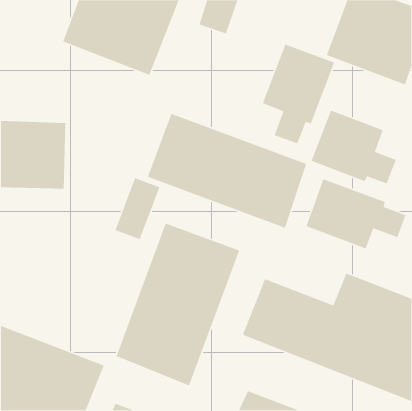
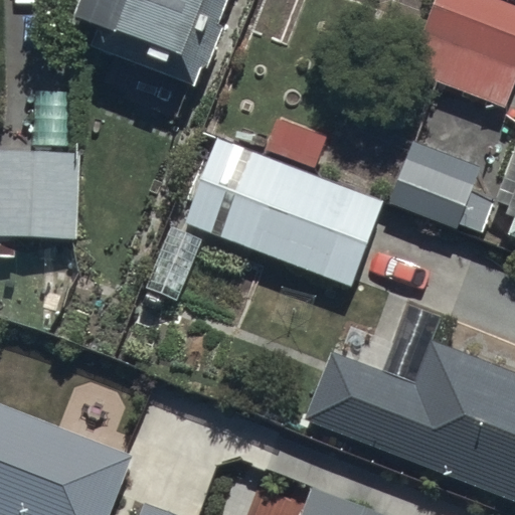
building: [262,43,335,145] -> none
building: [305,178,406,249] -> none
building: [116,223,240,386] -> none

